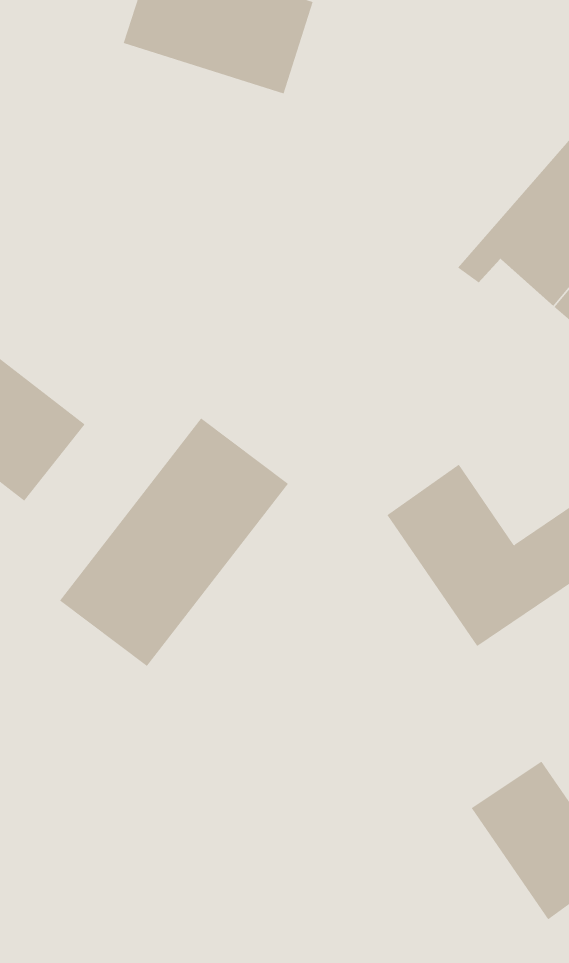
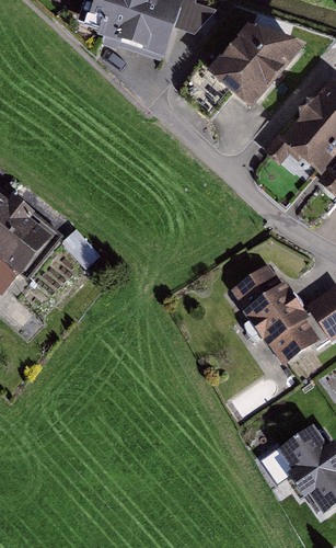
building: none -> [208,27,303,107]
building: [59,418,289,667] -> none

